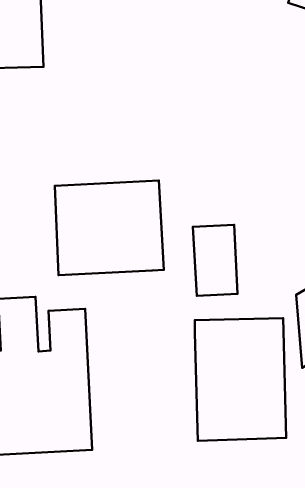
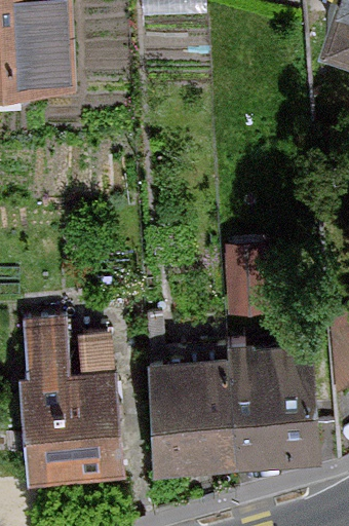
building: [55,181,164,275] -> none
building: none -> [150,362,229,473]

